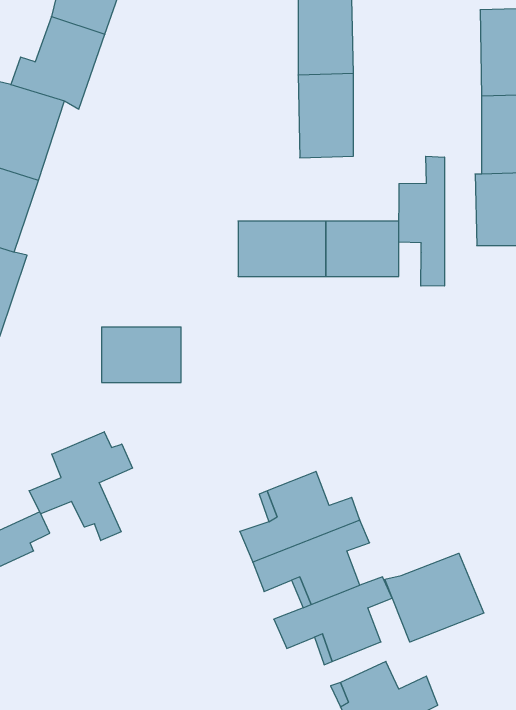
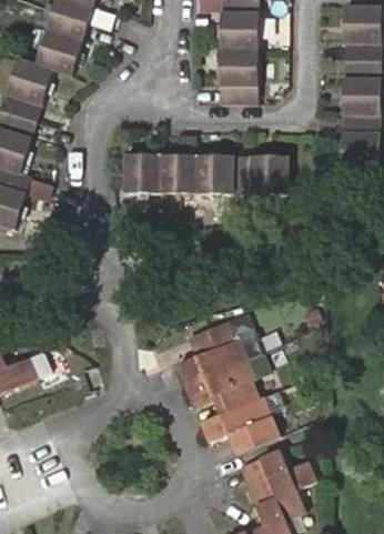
building: [399,156,444,286] -> none
building: [102,327,181,382] -> [122,153,176,191]
building: [29,432,132,541] -> none
building: [385,553,484,642] -> none

